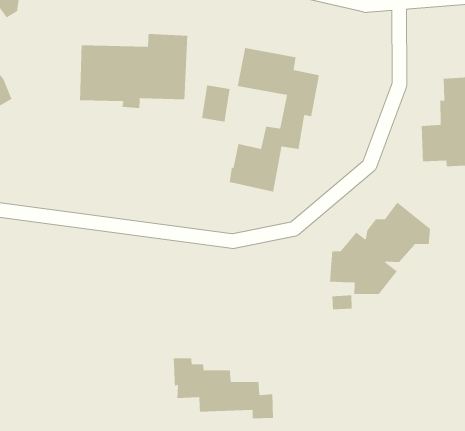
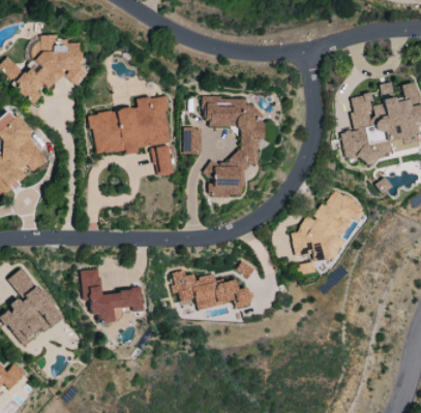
building: none -> [152,145,173,177]
building: none -> [81,268,143,321]
building: [173,358,274,419] -> [172,271,250,309]

